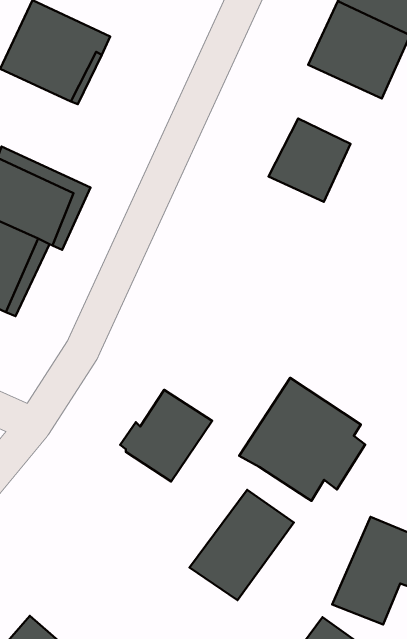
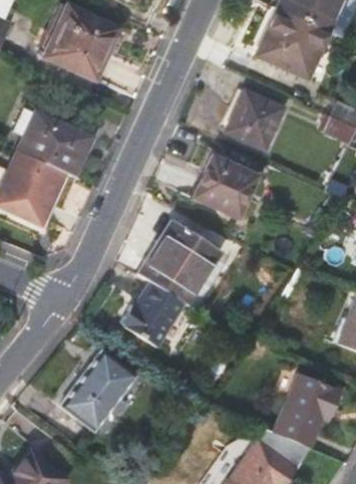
building: none -> [192,152,266,221]
building: [239,378,365,501] -> [137,218,227,305]
building: [189,490,294,600] -> [59,352,133,431]

